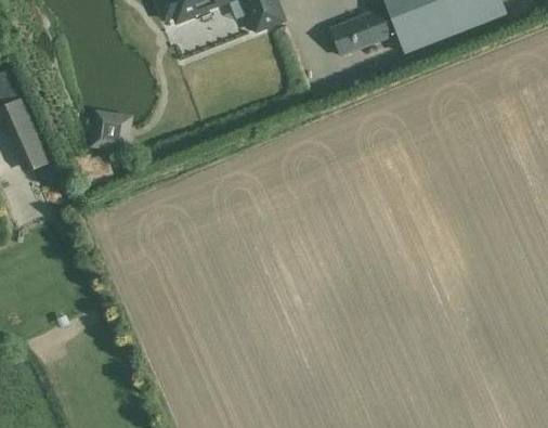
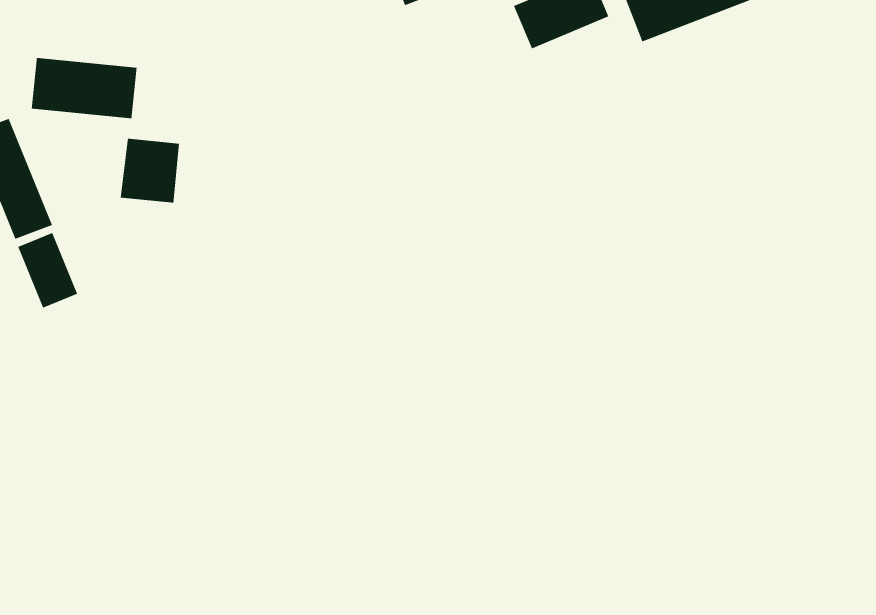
building: none -> [31,57,137,119]
building: none -> [17,232,78,308]

